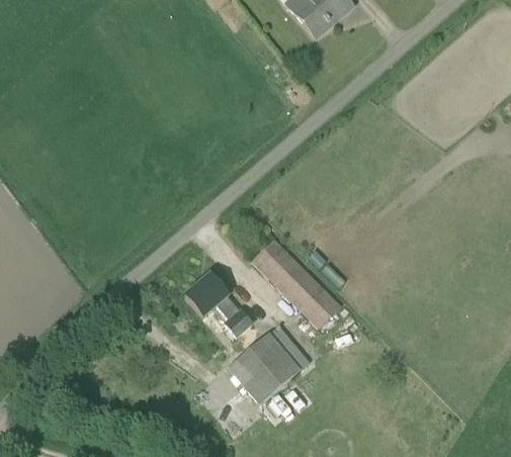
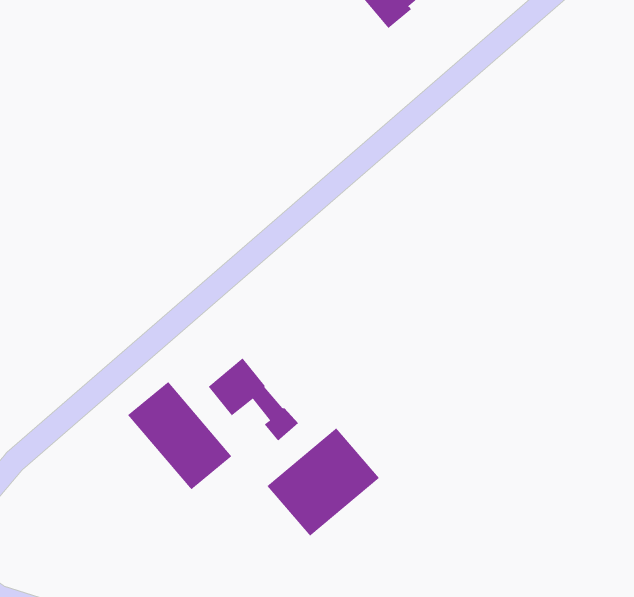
building: [252,239,339,327] -> none
building: none -> [127,381,232,490]

